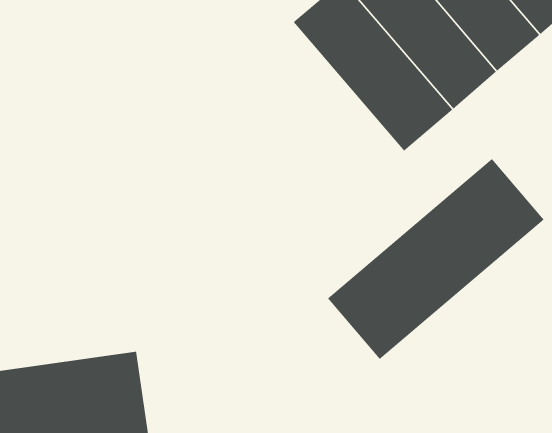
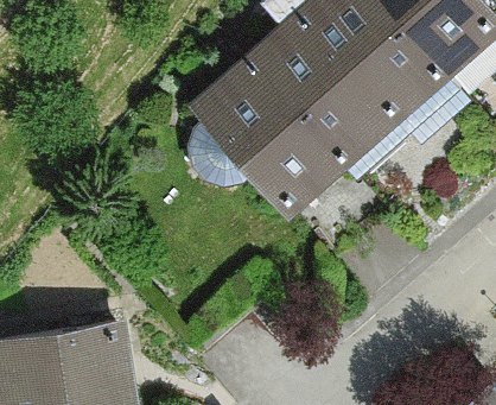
building: none -> [196,46,352,210]
building: [327,158,544,360] -> none

